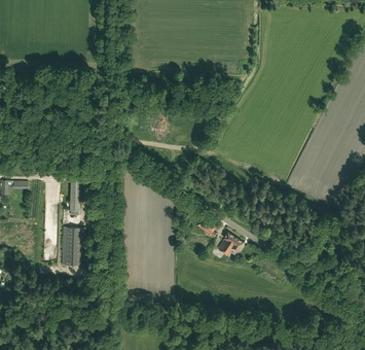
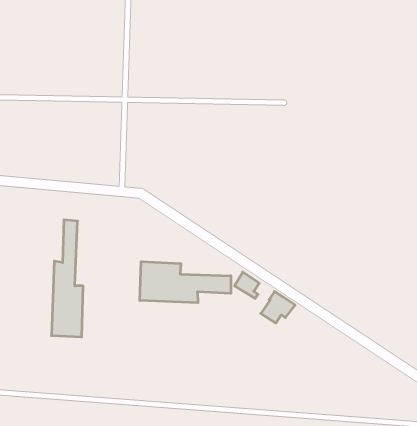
building: none -> [140,262,231,303]

